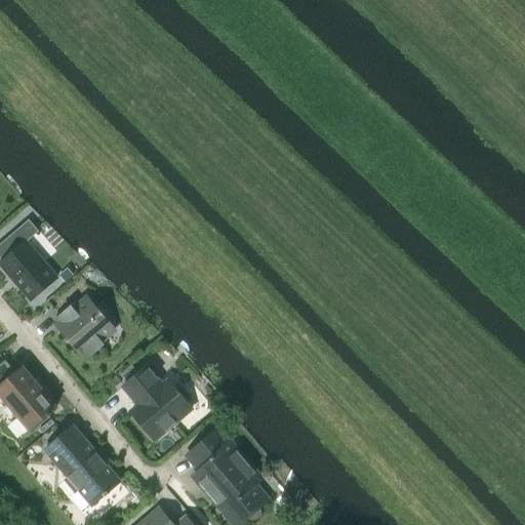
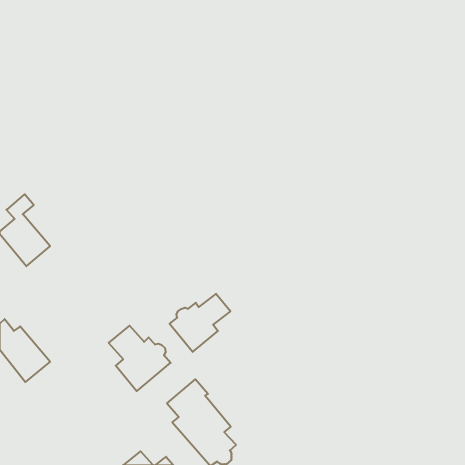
building: [58,298,114,354] -> none
building: none -> [170,294,230,352]
building: [45,426,119,504] -> none

